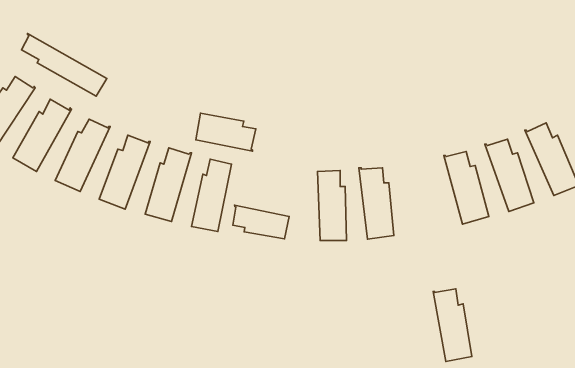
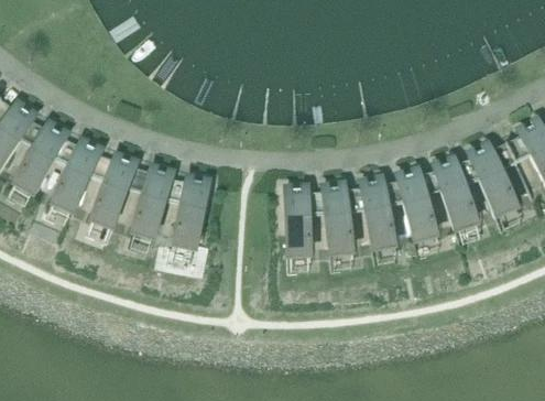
building: [22,33,107,96] -> none
building: [196,113,256,151] -> none
building: [233,205,289,239] -> none
building: [433,289,472,361] -> [360,180,394,243]

